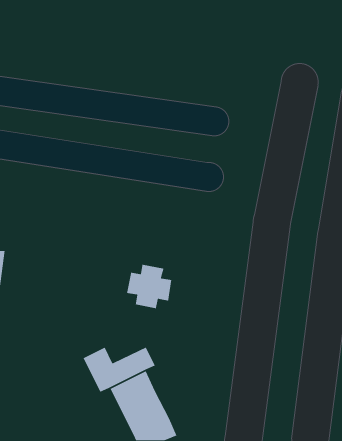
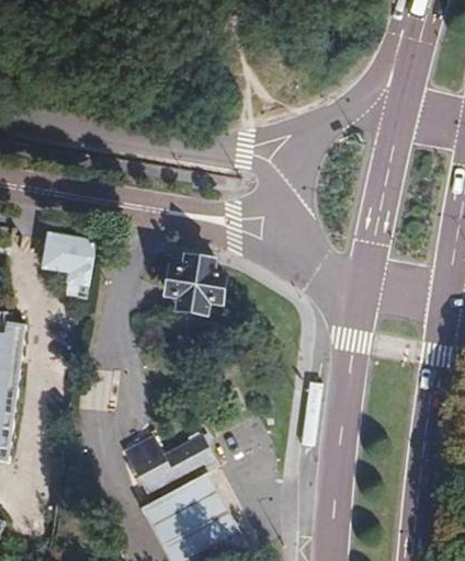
building: none -> [43,230,93,293]
building: [126,264,172,309] -> [160,259,218,316]

